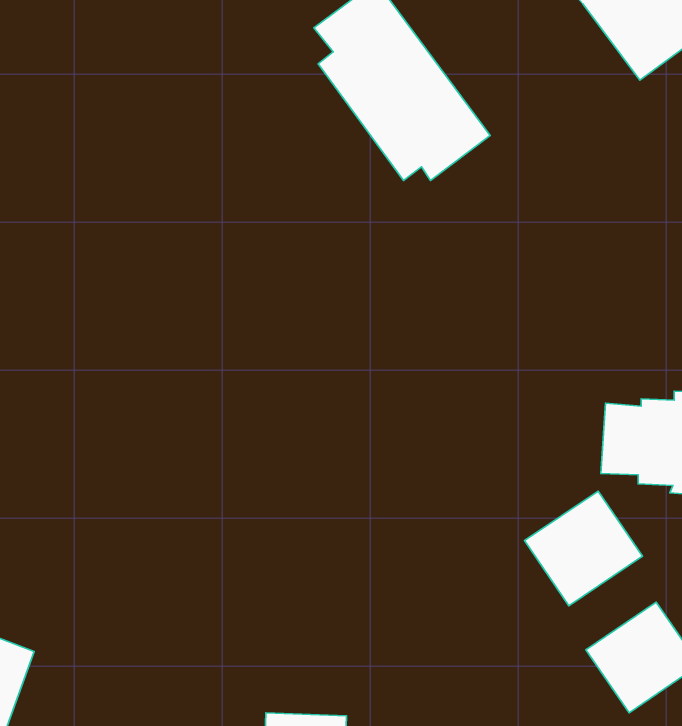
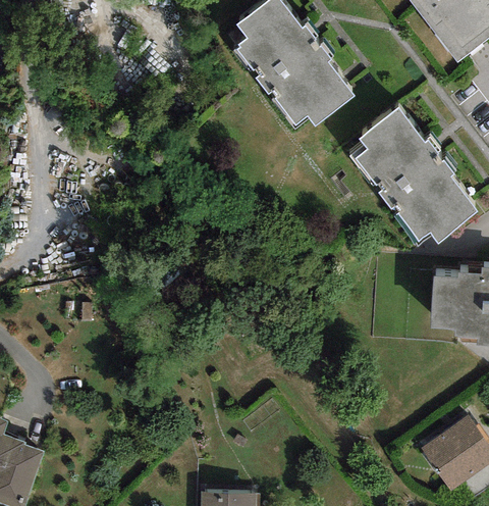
building: none -> [350,105,477,241]
building: [525,491,643,606] -> none

